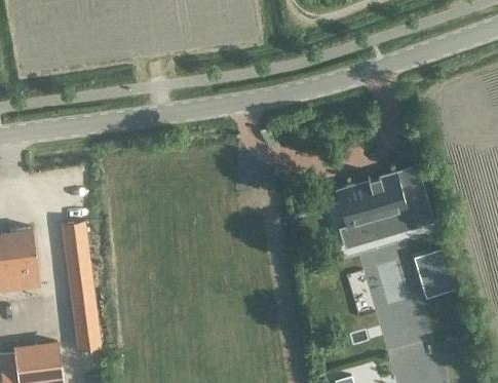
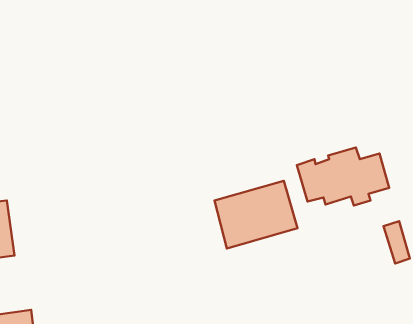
building: none -> [215,181,297,249]
building: [62,223,100,351] -> none

